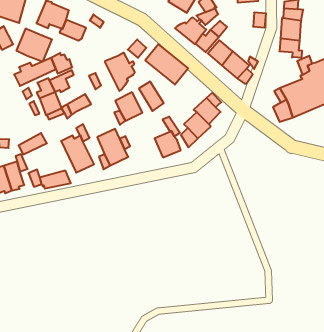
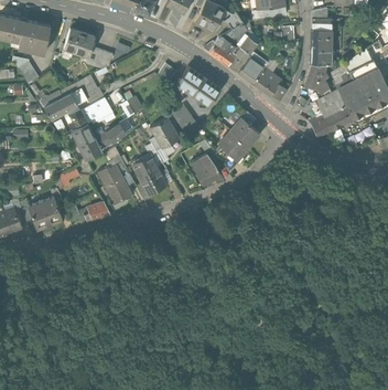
building: [17,28,52,62] -> none
building: none -> [305,63,330,93]
building: [105,53,135,91] -> none

